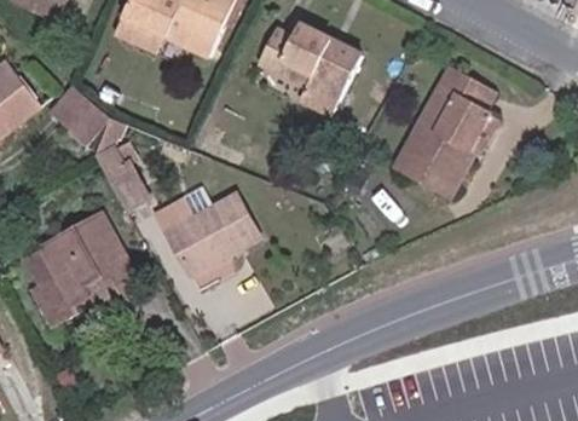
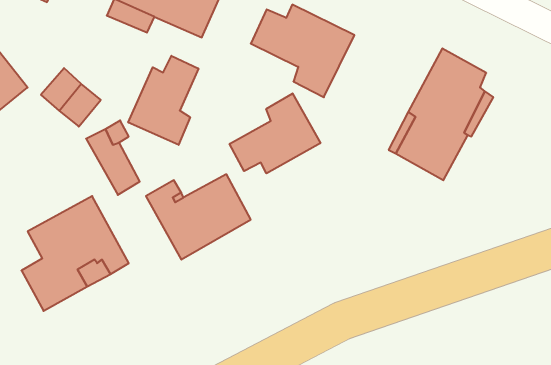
building: none -> [128,56,198,145]
building: none -> [230,93,320,173]

